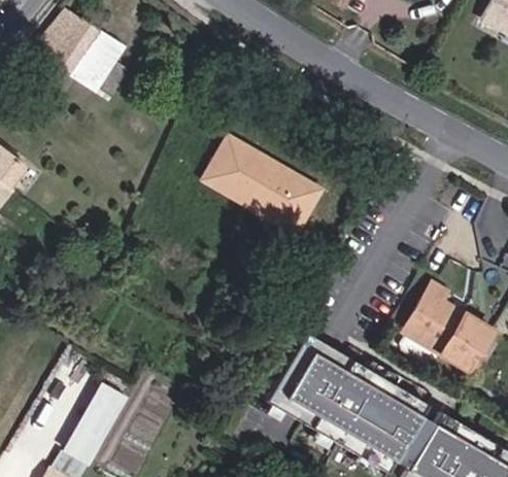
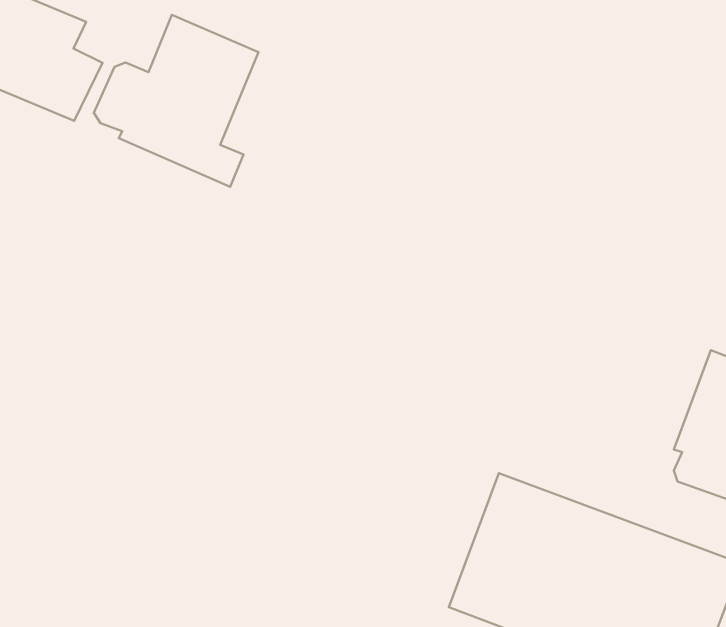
building: none -> [94,15,259,187]
building: [202,134,329,239] -> none

